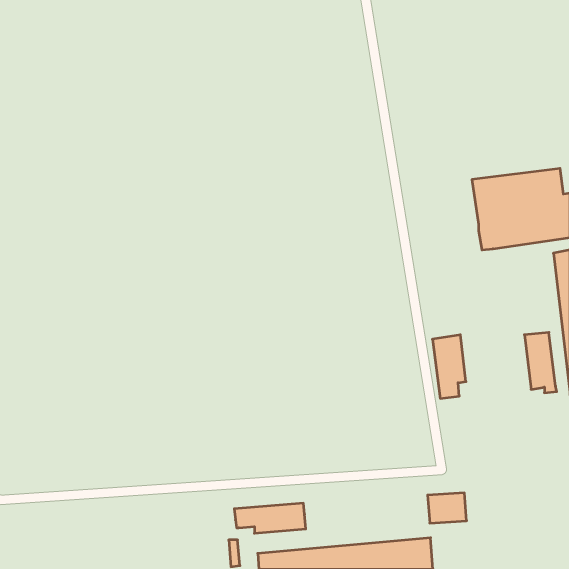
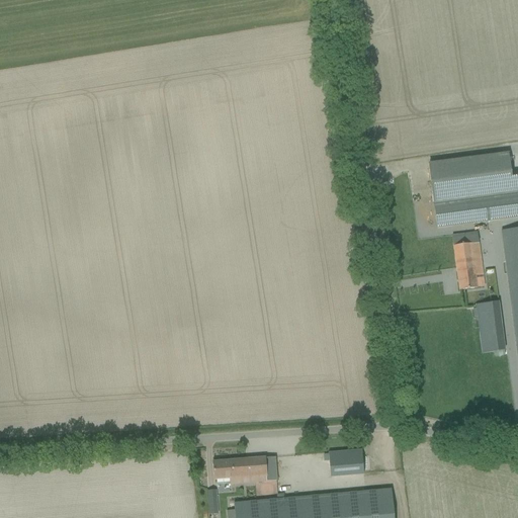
building: [432,335,466,398] -> [453,232,484,289]
building: [428,493,467,523] -> [329,449,364,477]

